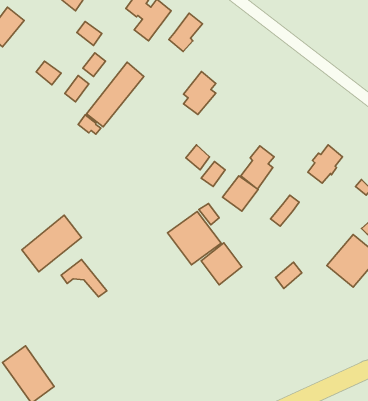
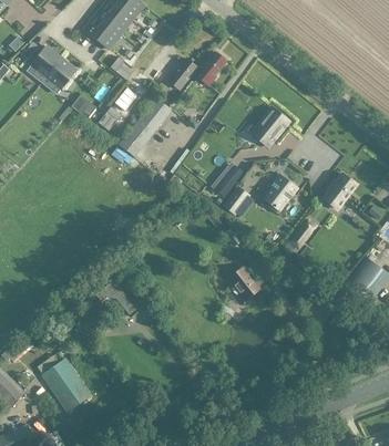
building: none -> [47,58,76,89]
building: [183,71,216,115] -> [256,106,286,146]
building: [223,176,258,211] -> none
building: [167,211,221,265] -> none
building: [22,215,81,272] -> none

